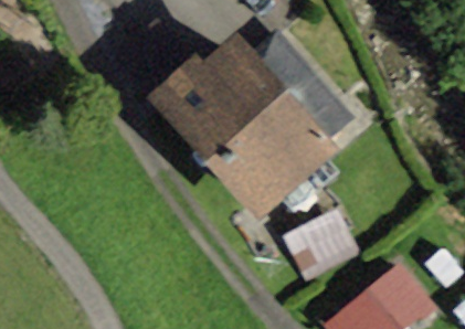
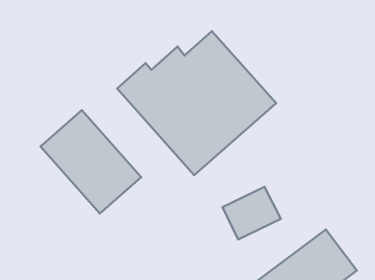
building: none -> [40,110,141,213]

